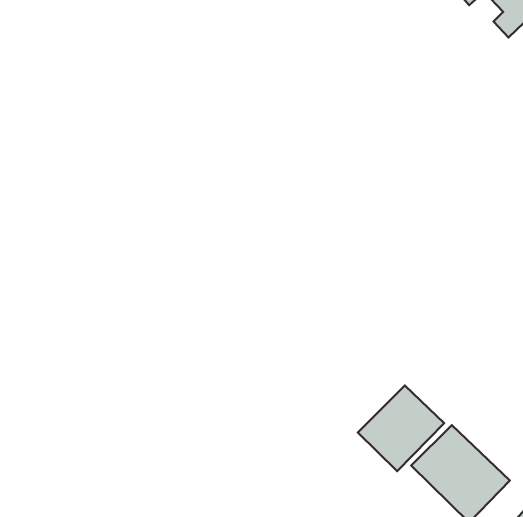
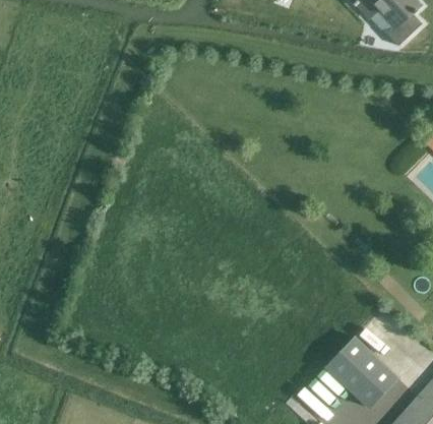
building: [358,386,444,471] -> none

